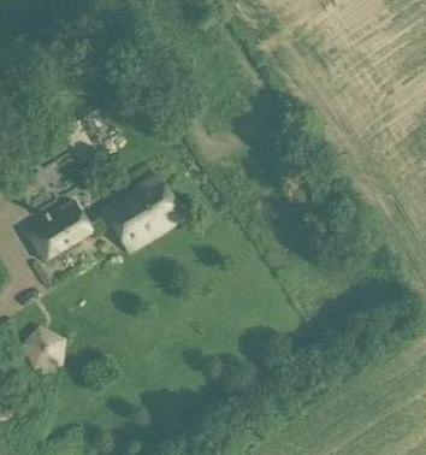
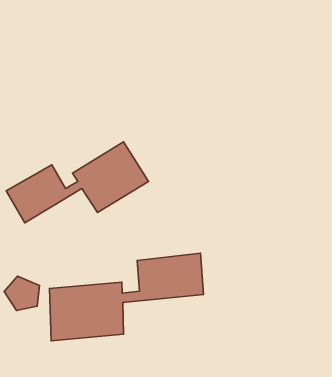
building: none -> [50,253,203,341]

